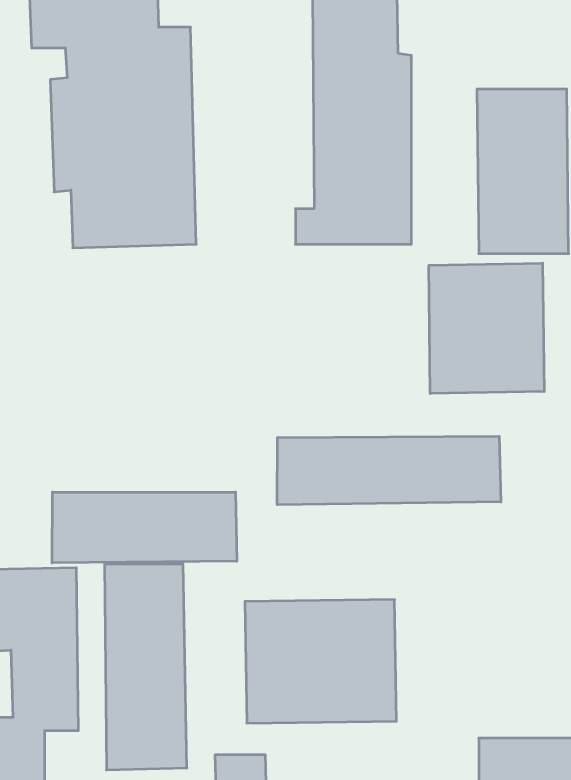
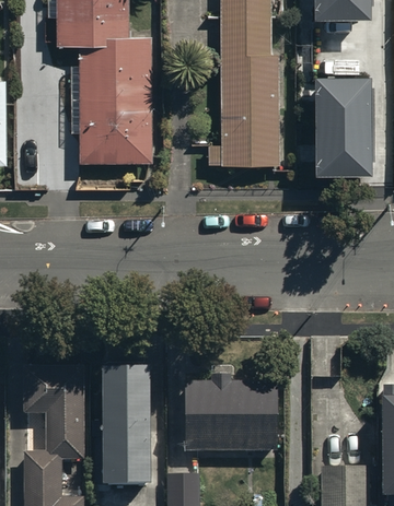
building: [429,263,544,394] -> none
building: [277,436,501,505] -> none
building: [52,492,237,563] -> none

